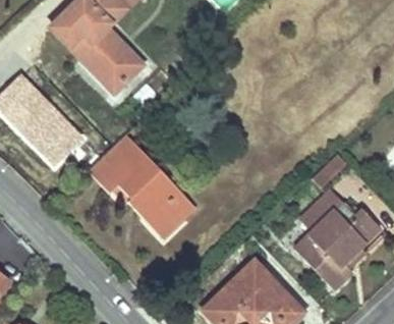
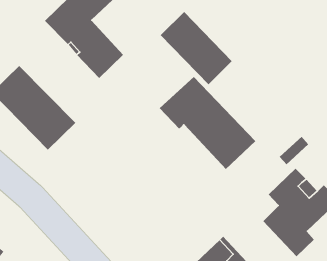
building: none -> [160,11,233,85]
building: [88,132,195,236] -> [159,76,256,170]

